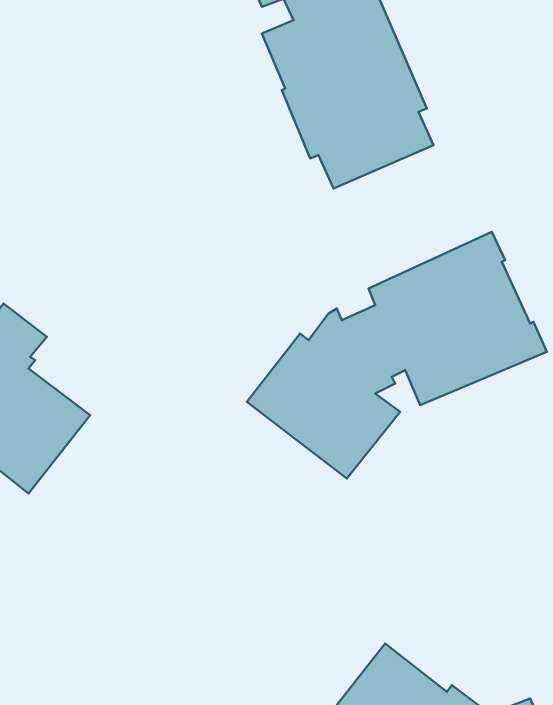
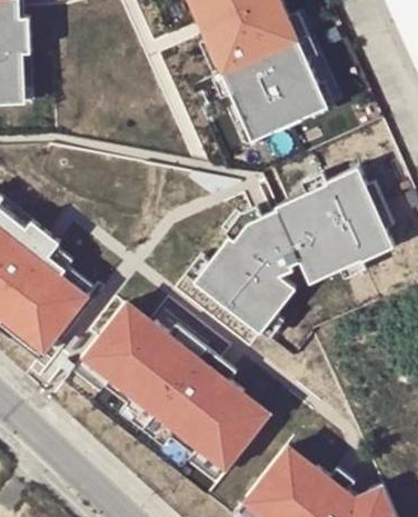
building: none -> [84,302,269,467]

